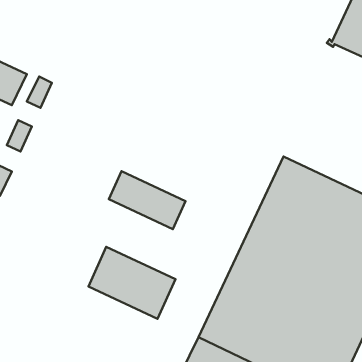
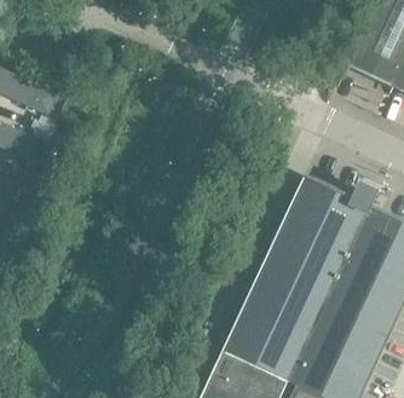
building: [109,171,185,229] -> none
building: [88,247,175,319] -> none

